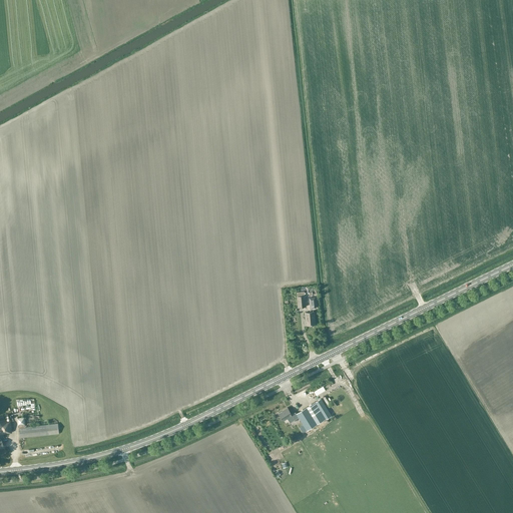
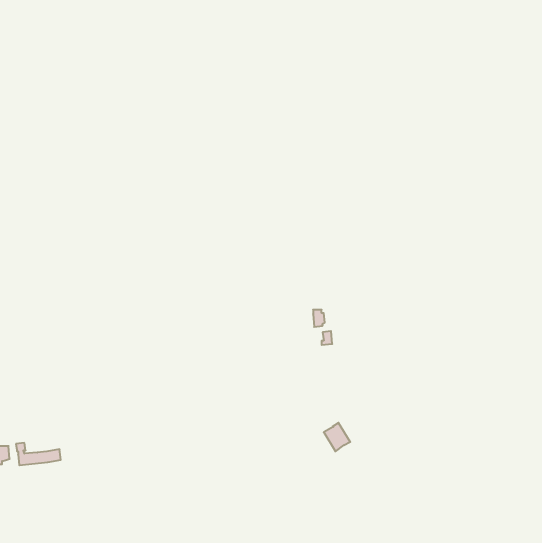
building: [277,408,316,432] -> none

